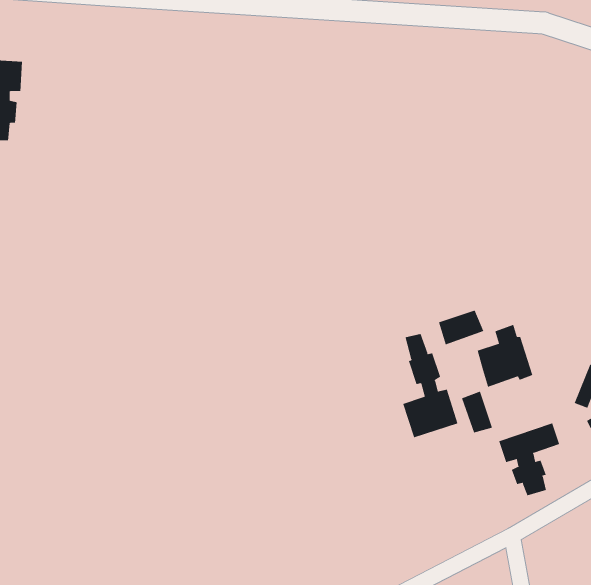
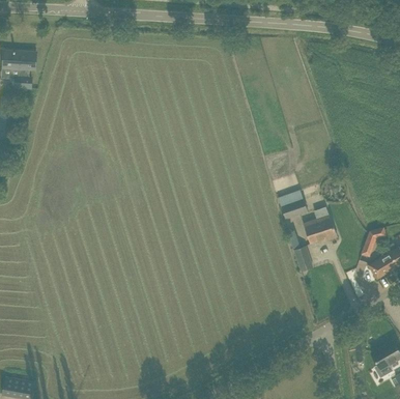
building: [403,333,458,438] -> none
building: [498,423,560,496] -> none

